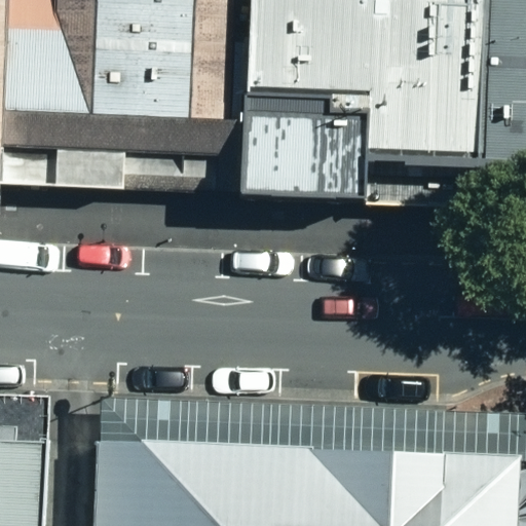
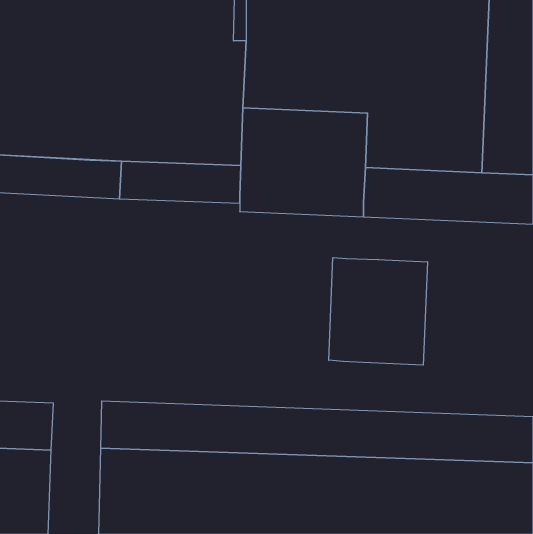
building: none -> [329,258,427,365]

